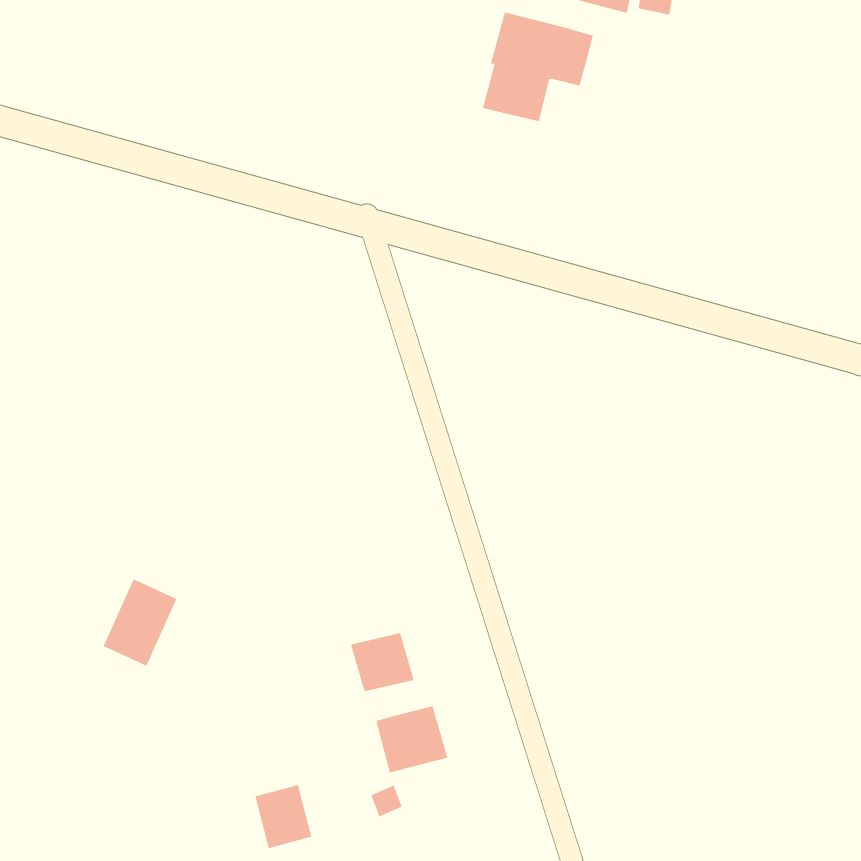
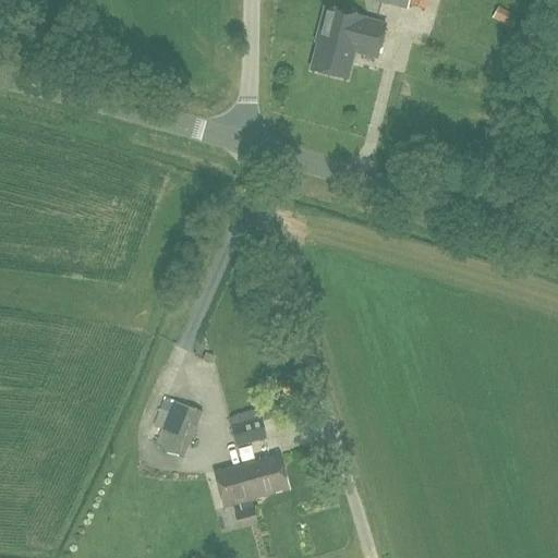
building: [103,579,177,667] -> [156,397,204,453]
building: [255,784,312,849] -> [214,464,251,506]

